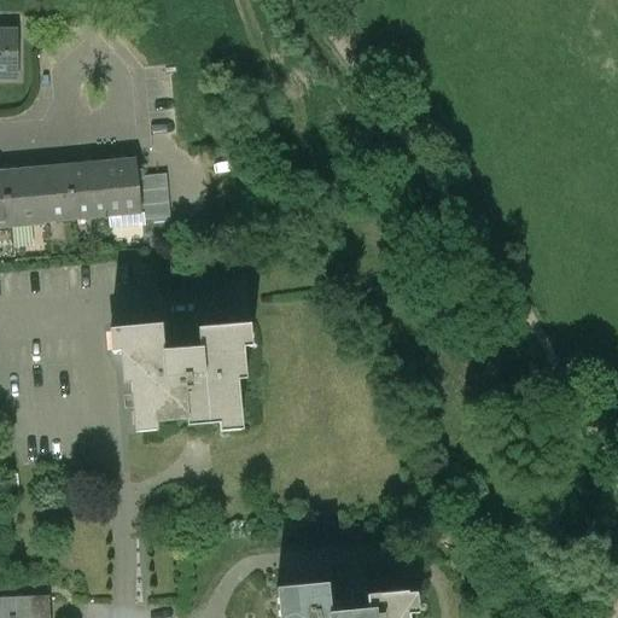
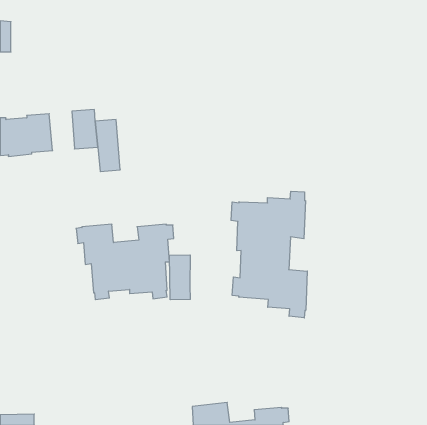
building: [71,161,107,217] -> none
building: none -> [231,191,307,318]
building: none -> [170,255,190,300]

